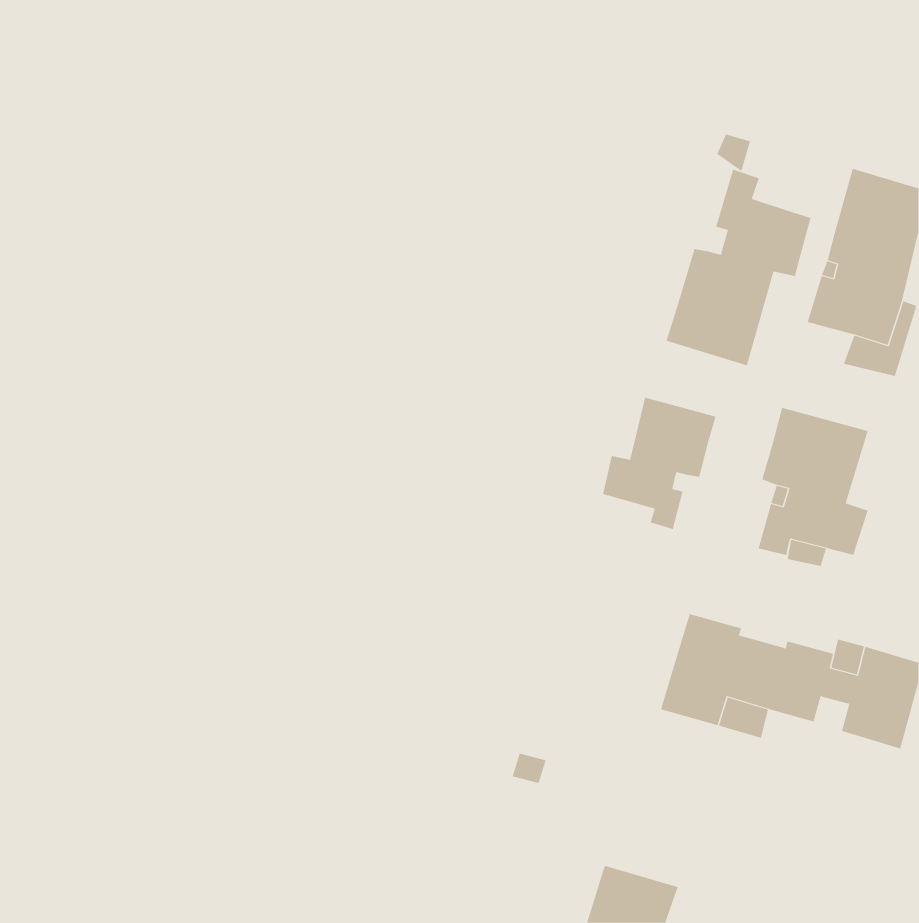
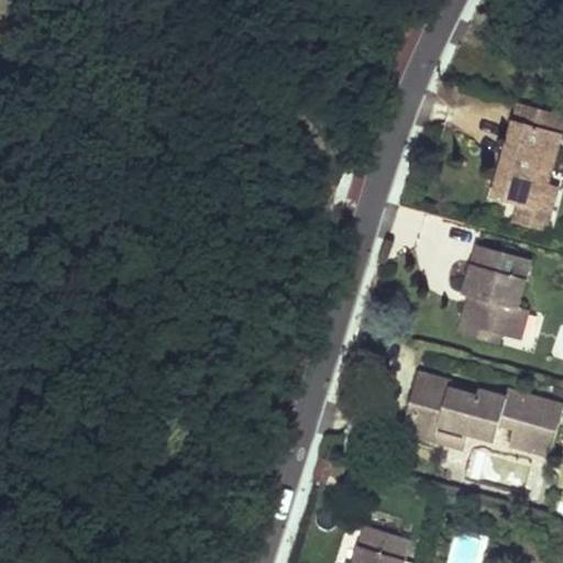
building: [666,169,811,366] -> none
building: [603,397,716,530] -> none

